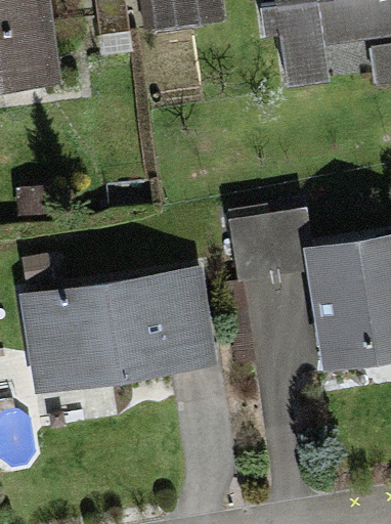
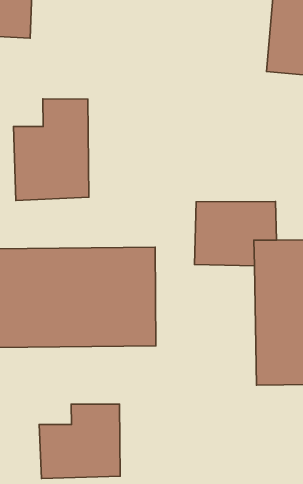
building: none -> [13,99,89,200]
building: none -> [39,404,120,479]

